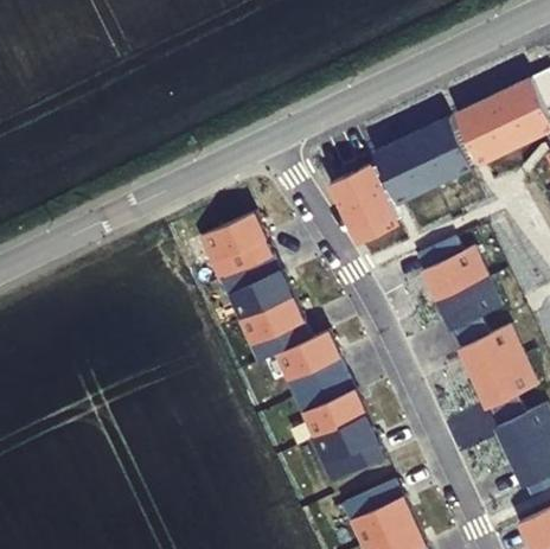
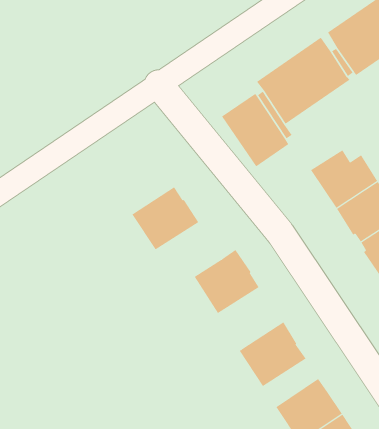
building: [198,210,271,277] -> none
building: [241,294,309,358] -> none
building: [296,372,365,435] -> none

